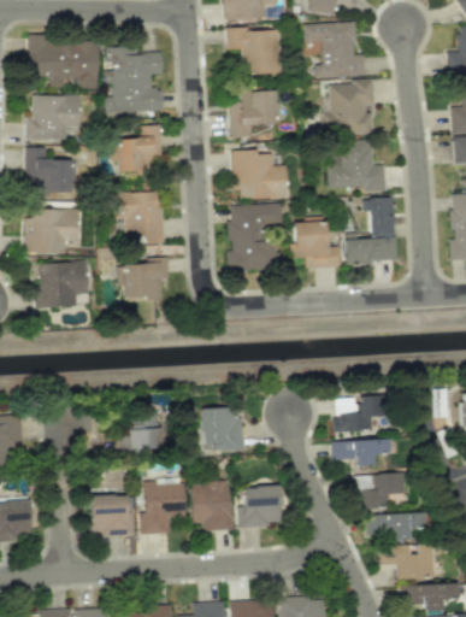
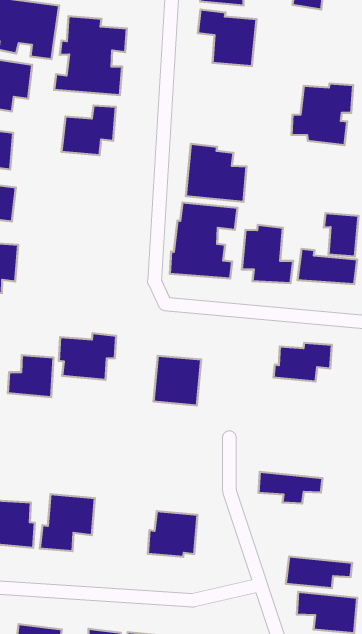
building: [305,22,366,77] -> none
building: [230,90,277,136] -> none
building: [328,139,387,190] -> none
building: [114,190,164,241] -> none
building: [118,257,170,299] -> [59,333,116,380]
building: [335,394,385,430] -> [273,343,332,381]
building: [202,406,243,449] -> [154,356,201,406]
building: [120,412,161,449] -> [8,355,53,397]
building: [355,472,406,507] -> none
building: [190,481,232,530] -> none

